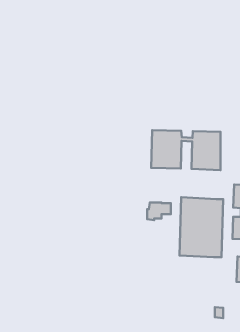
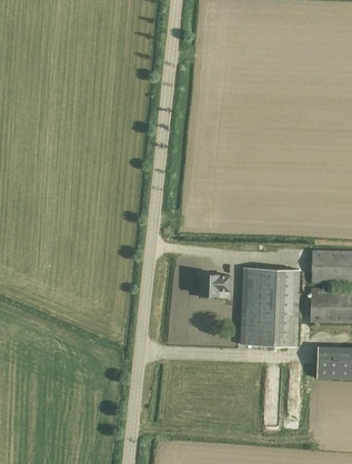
building: [151,130,220,170] -> none

